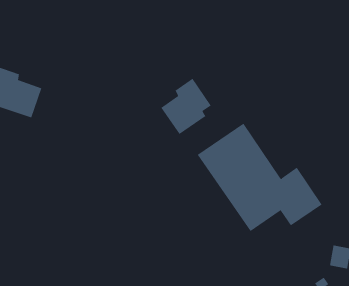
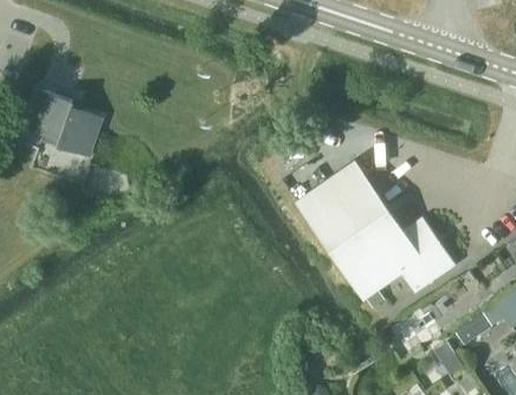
building: [161,78,212,135] -> none

